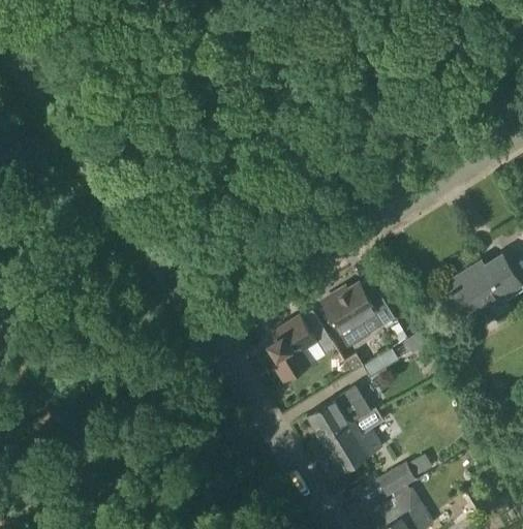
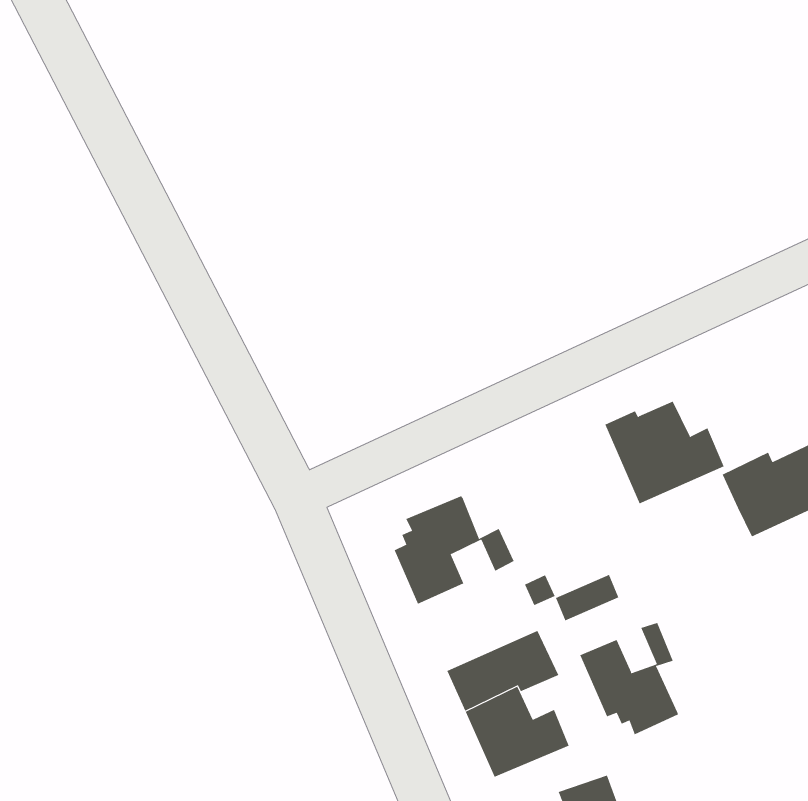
building: [321,283,393,344] -> [604,401,725,504]
building: none -> [579,622,678,735]

